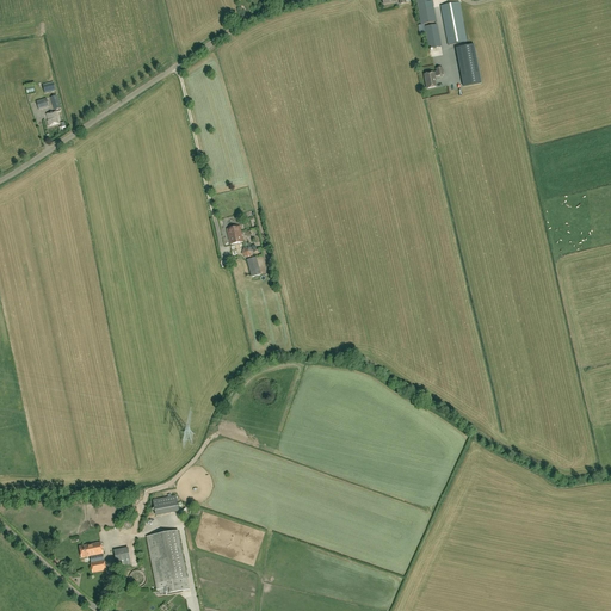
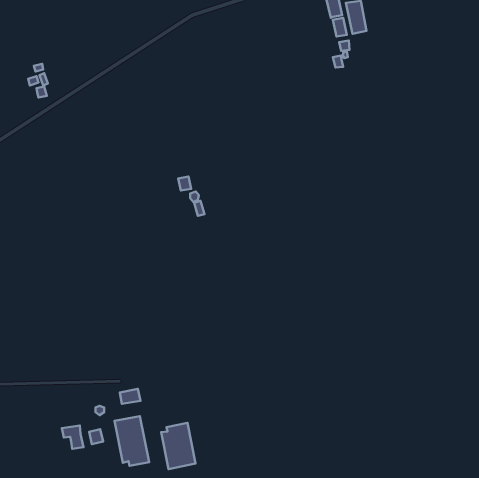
building: [456,43,481,85] -> none
building: none -> [161,423,196,469]

